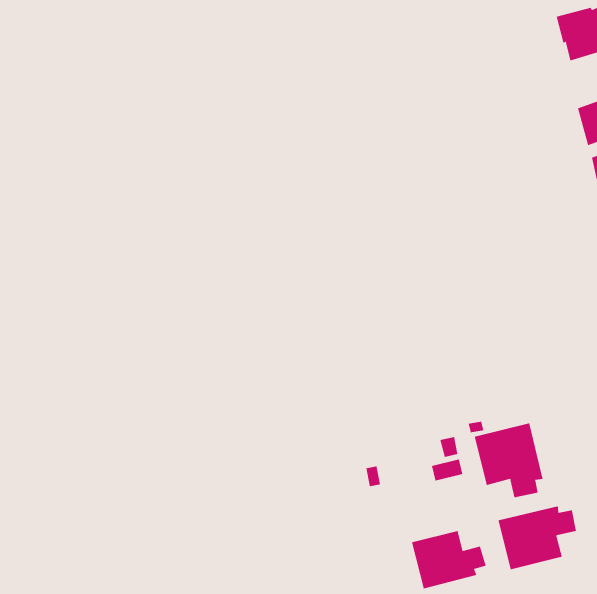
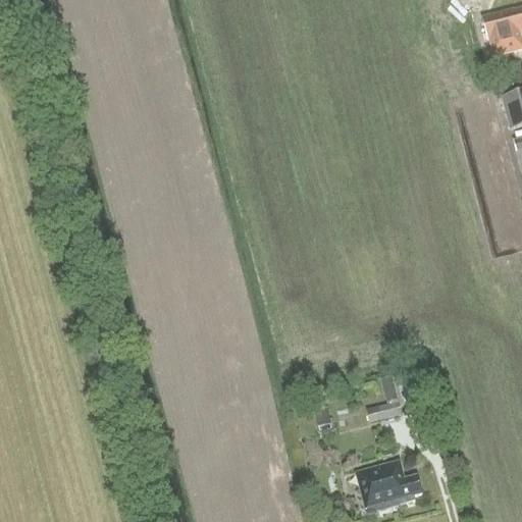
building: [474,422,543,498] -> none
building: [498,505,577,570] -> none

